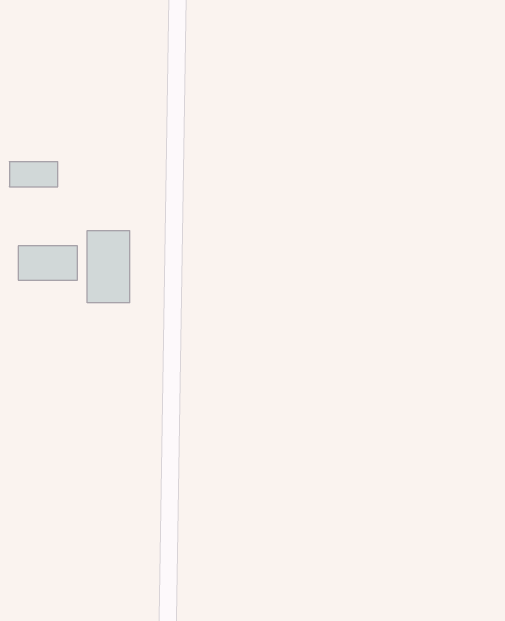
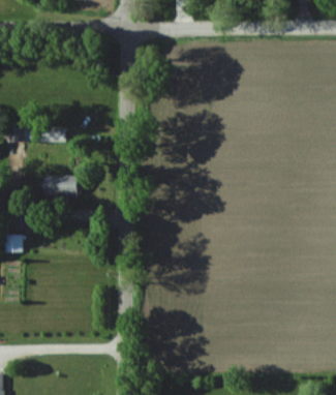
building: [87,231,130,303] -> none

